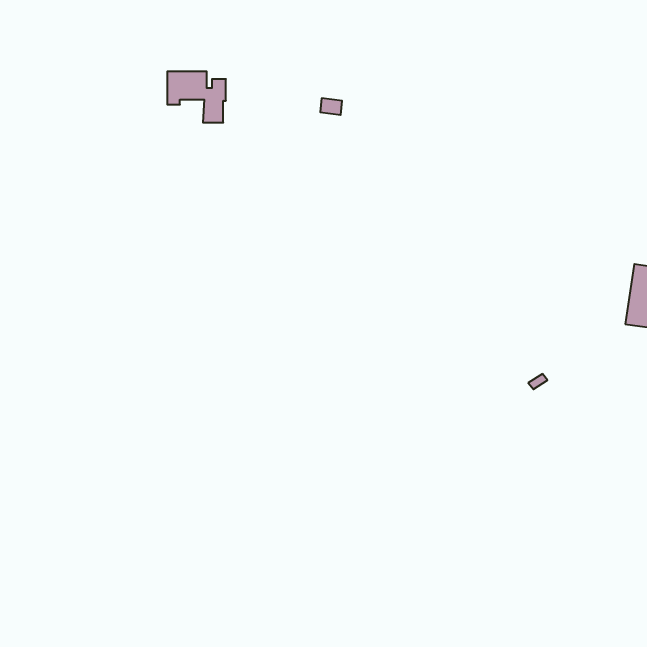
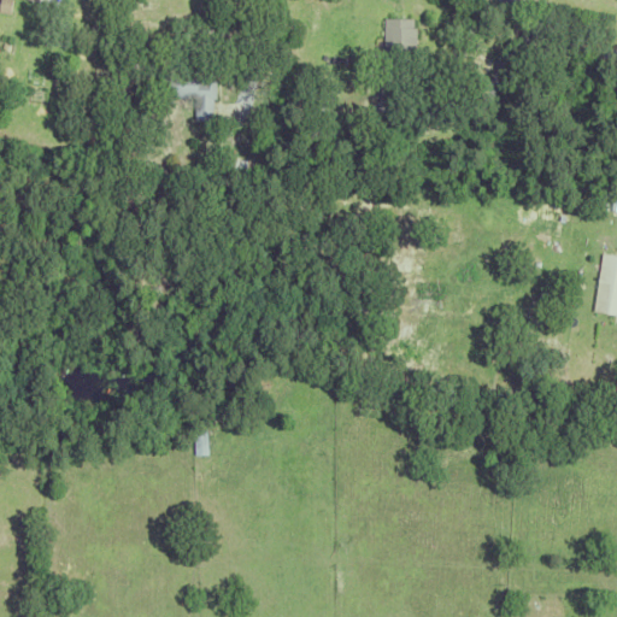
building: none -> [377,18,418,66]

